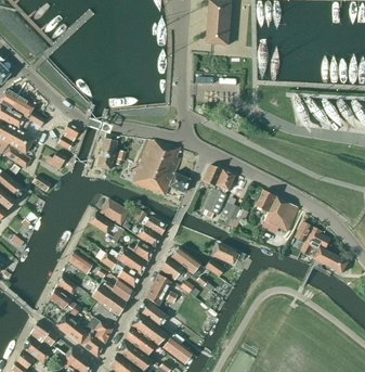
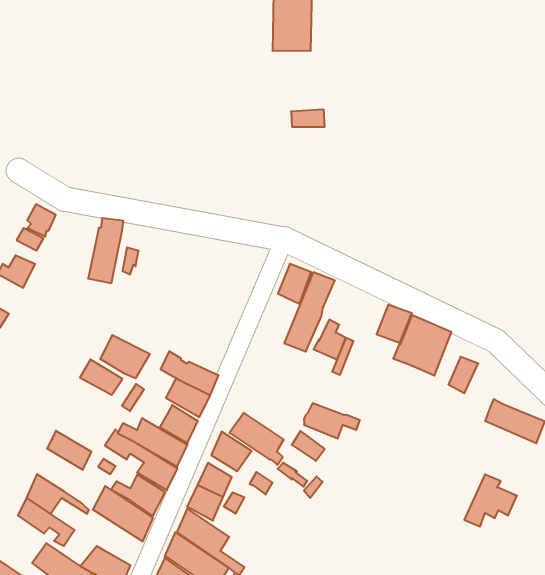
building: [131,140,188,196] -> none
building: [300,227,330,256] -> [464,474,517,527]

